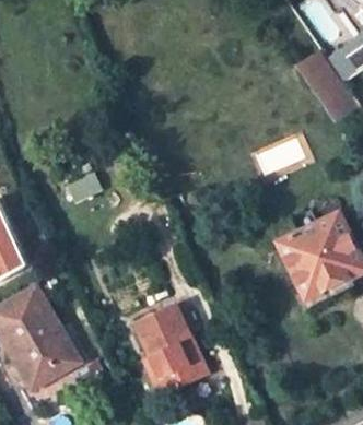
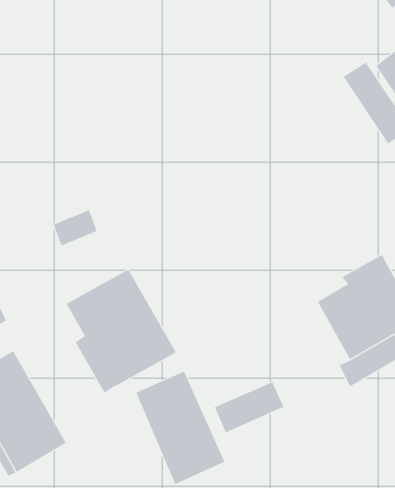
building: none -> [66,269,176,393]
building: none -> [214,381,284,433]

